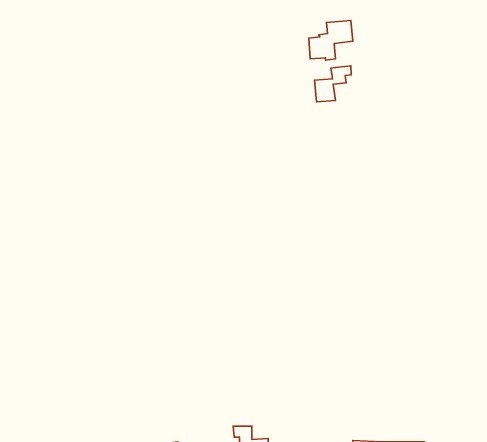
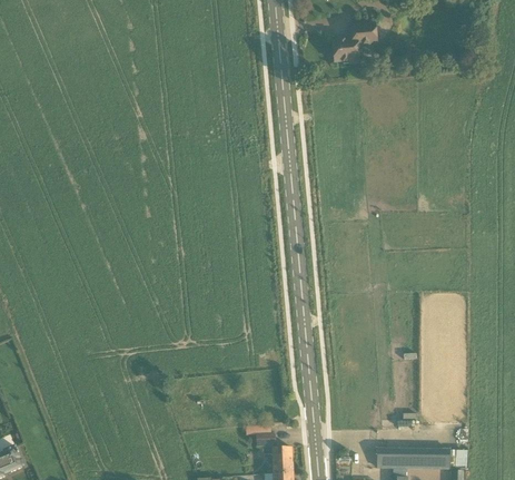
building: [315,66,351,102] -> none

